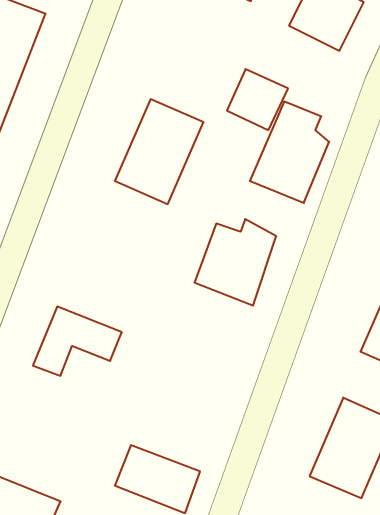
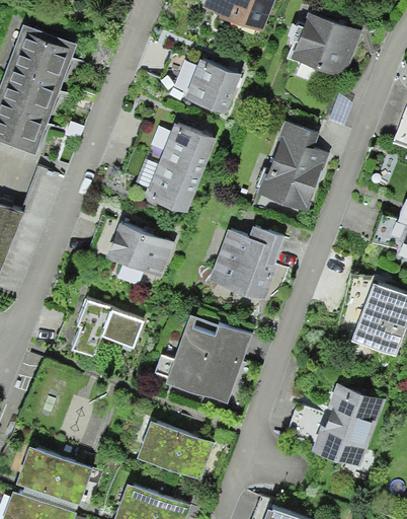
building: [227,69,288,130] -> [183,58,237,112]
building: none -> [104,220,172,280]
building: none -> [164,315,263,404]

